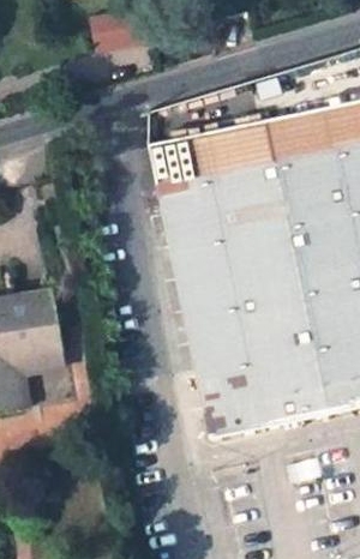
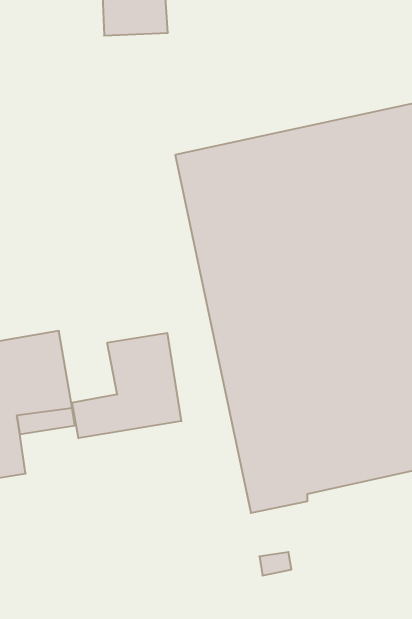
building: none -> [72,333,181,438]

